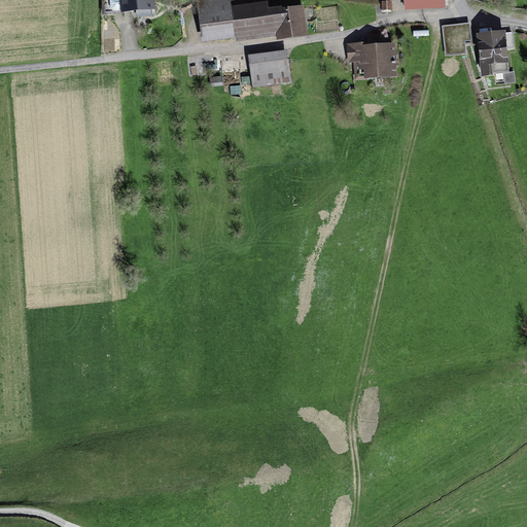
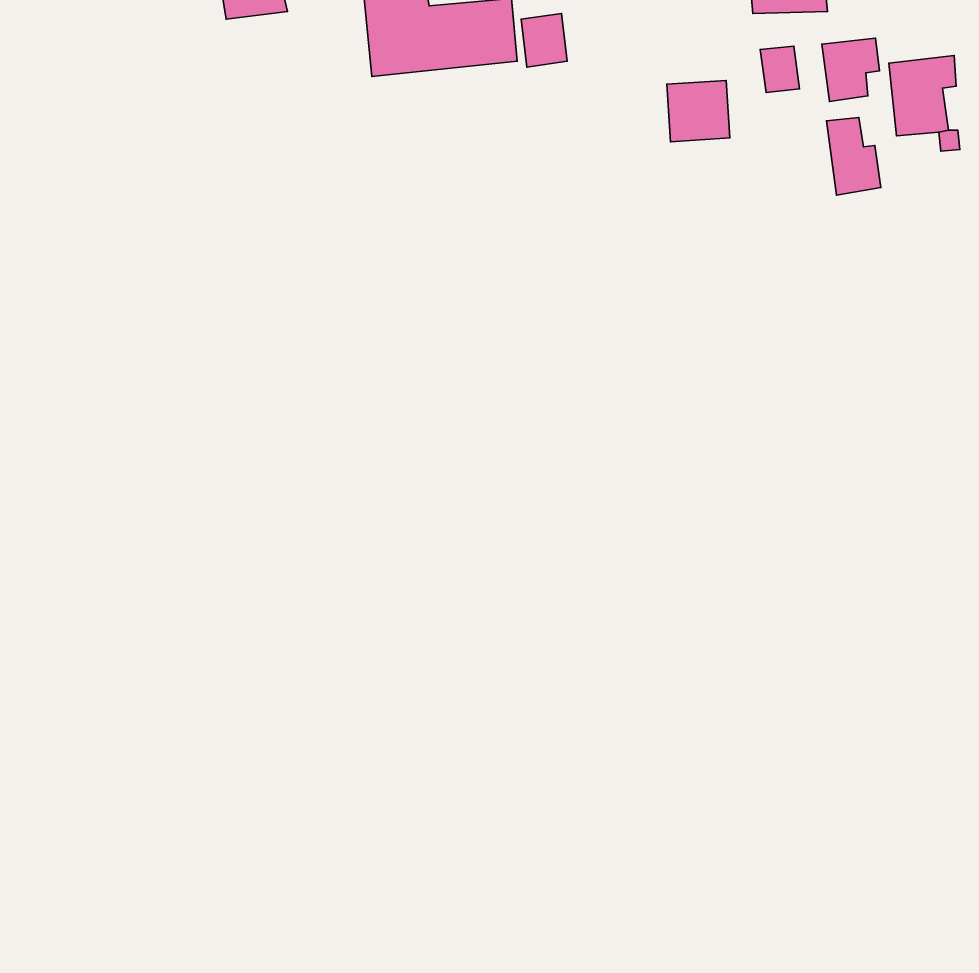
building: none -> [760,46,800,93]
building: [250,51,289,85] -> none
building: none -> [827,117,881,195]

